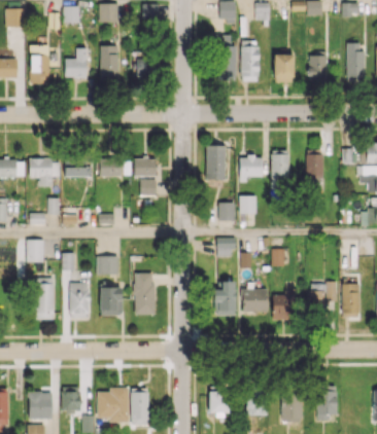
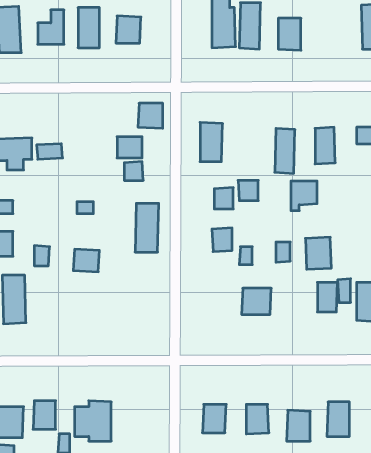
building: [308,52,327,78] -> none
building: [99,155,121,177] -> [138,103,163,128]
building: [240,156,263,182] -> [291,181,317,211]
building: [134,273,155,315] -> [135,203,159,252]
building: [214,281,236,316] -> none
building: [70,283,90,317] -> none
building: [100,287,123,316] -> none
building: [272,292,295,320] -> [305,237,331,269]
building: [131,388,149,426] -> none

